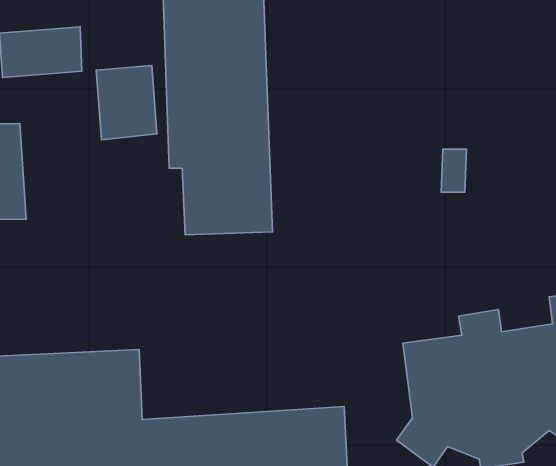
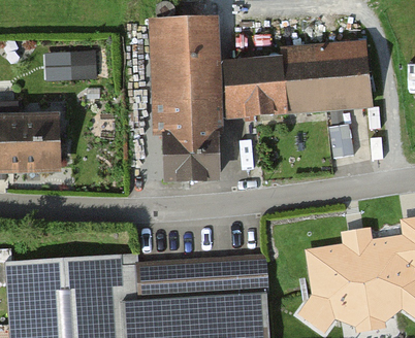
building: none -> [226,41,369,114]
building: [96,65,157,140] -> none
building: none -> [140,258,262,294]

